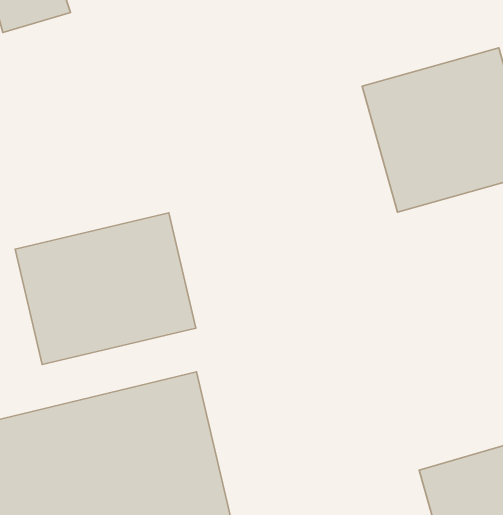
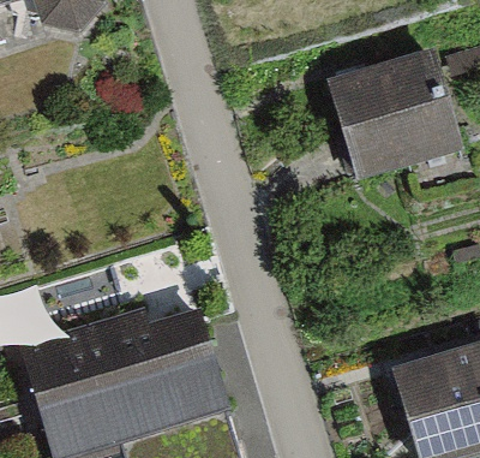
building: [15,213,196,364] -> none

